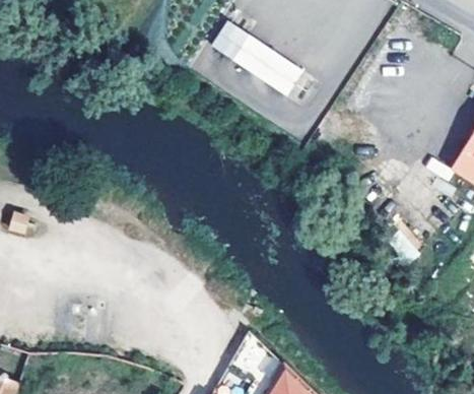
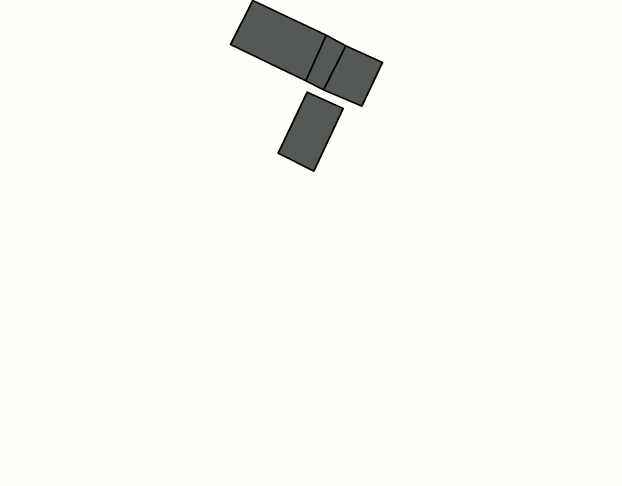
building: none -> [278,92,343,171]

